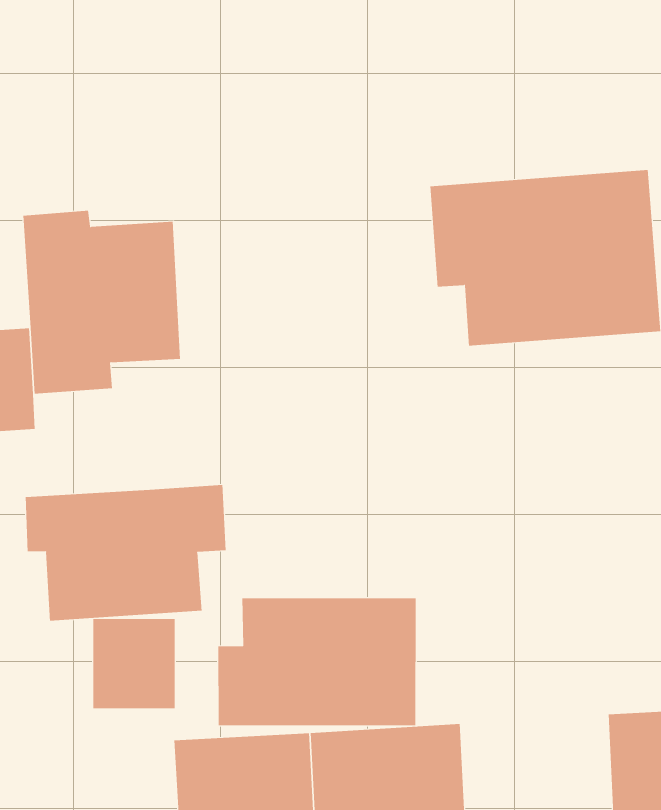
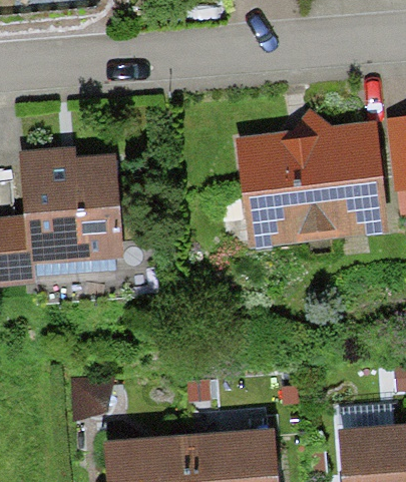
building: [25,484,226,622] -> none
building: [218,597,416,726] -> none

